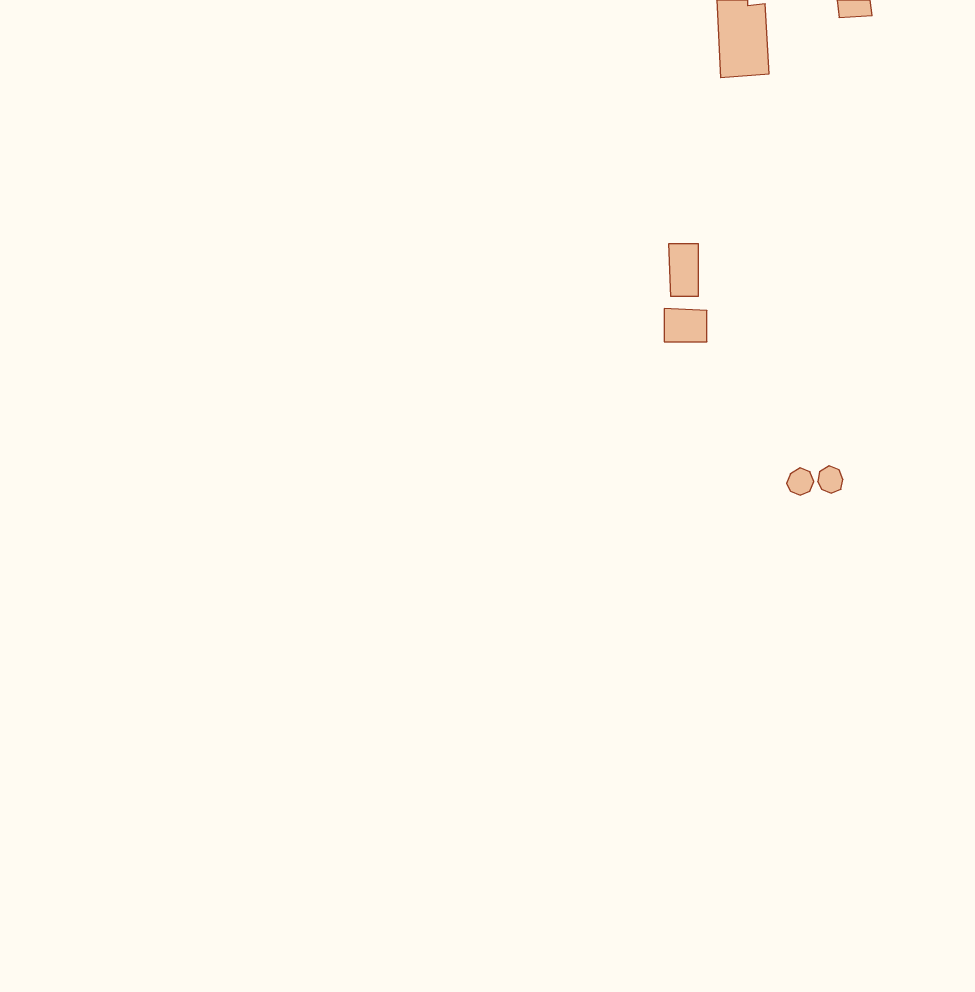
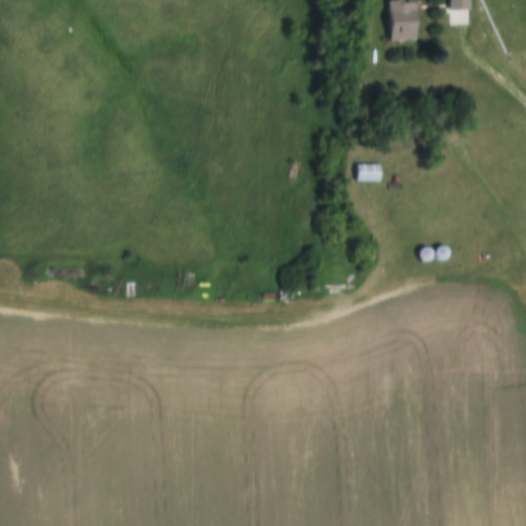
building: [669,244,698,296] -> none

